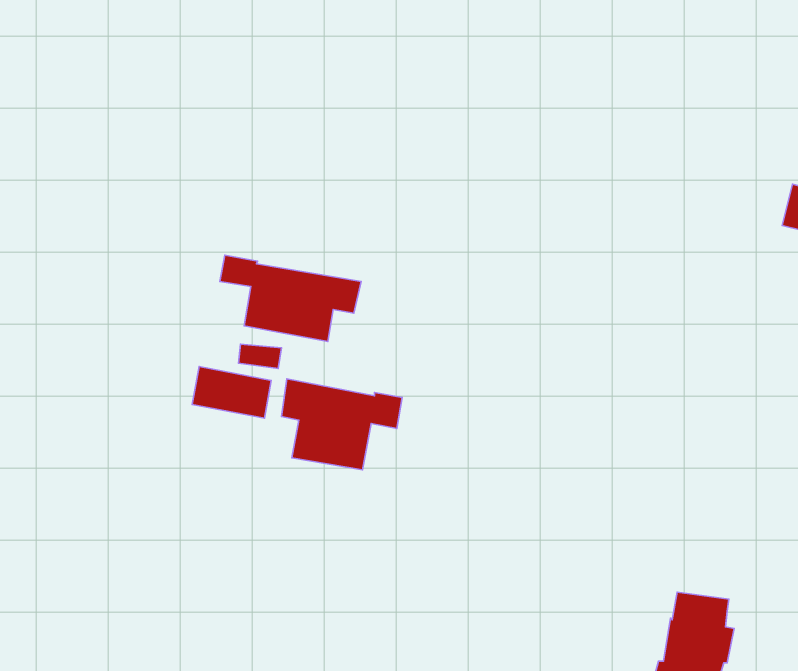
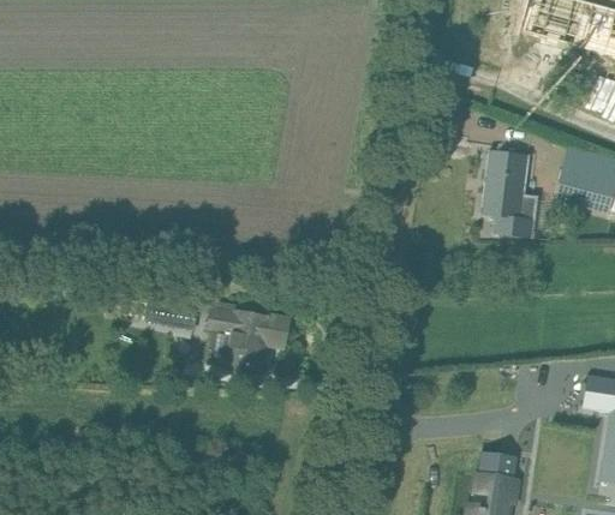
building: none -> [482,150,539,236]
building: [220,255,361,342] -> none

